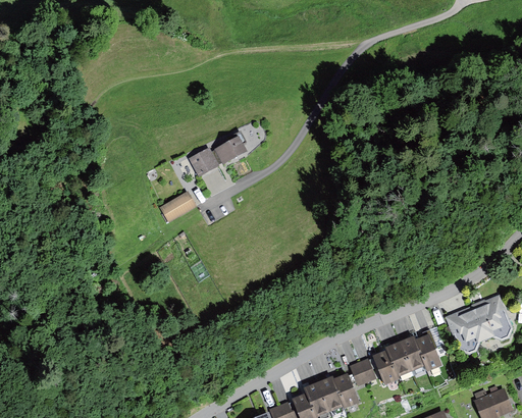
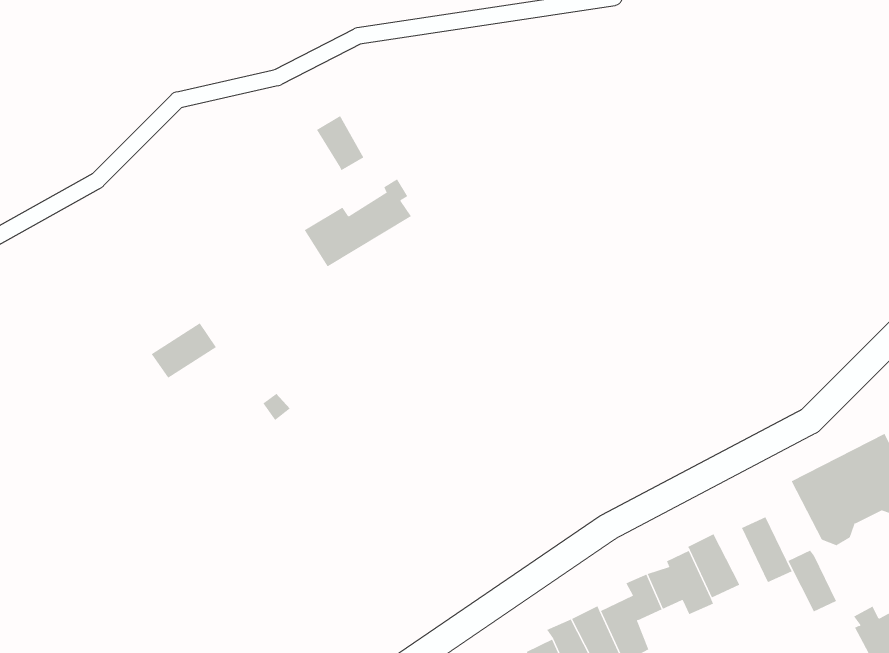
building: none -> [316,115,364,171]
building: [159,192,196,221] -> [151,323,217,379]
building: [400,336,425,371] -> [787,550,837,612]

